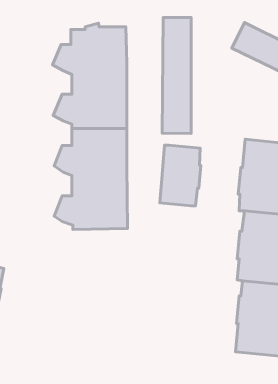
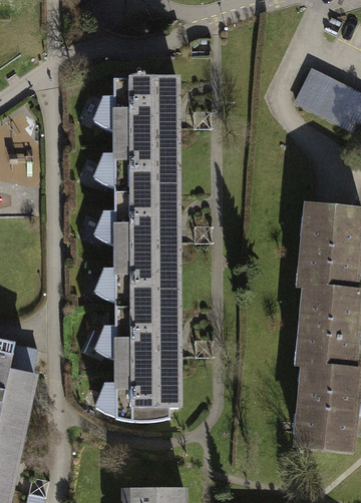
building: [162,17,191,134] -> none
building: [160,145,201,206] -> none
building: none -> [95,306,178,422]

